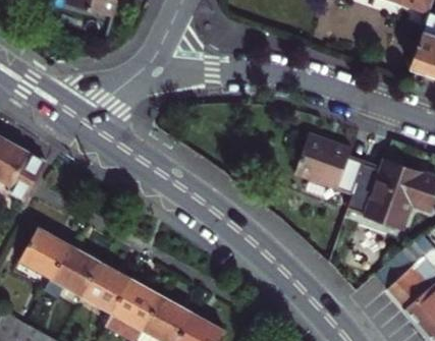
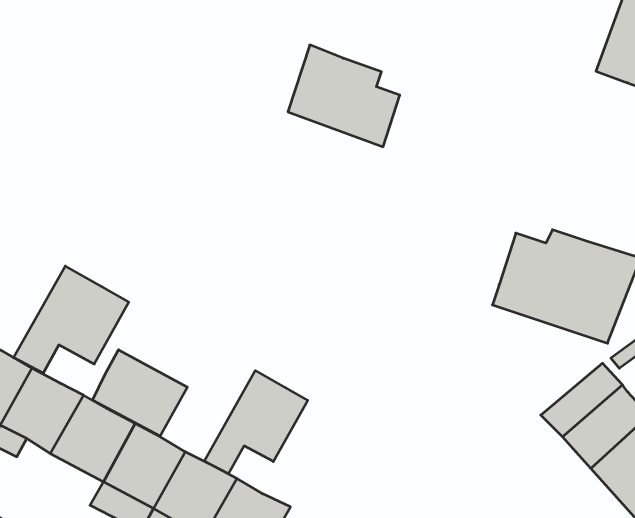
building: [292,132,361,194] -> [288,45,400,147]
building: none -> [13,266,129,373]
building: none -> [93,350,187,436]
building: none -> [204,371,308,474]

